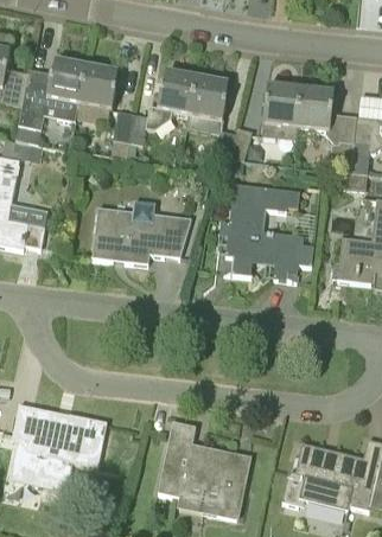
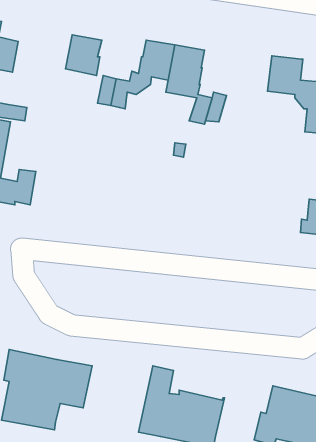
building: [19,59,87,129] -> none
building: [262,84,301,139] -> none
building: [225,181,300,279] -> none
building: [93,206,192,263] -> none

